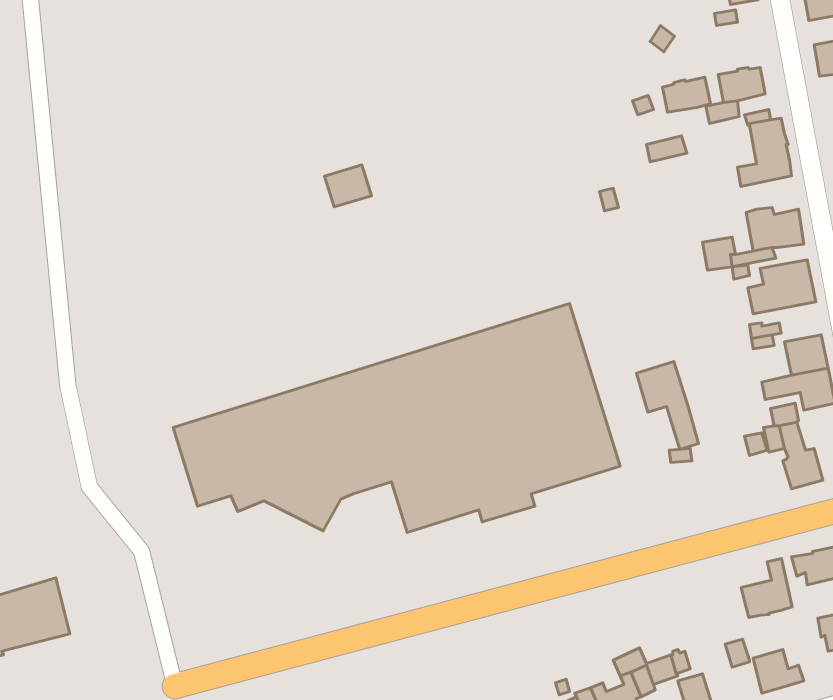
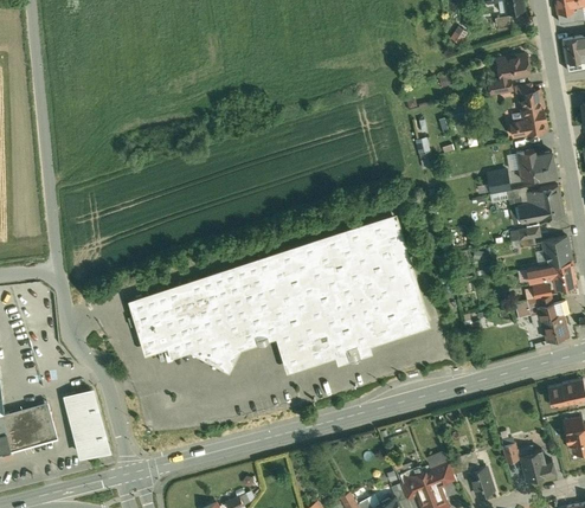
building: [662,77,711,112] -> none
building: [324,165,371,207] -> none
building: [637,361,699,449] -> none
building: none -> [63,387,111,458]
building: [741,559,792,617] -> none

